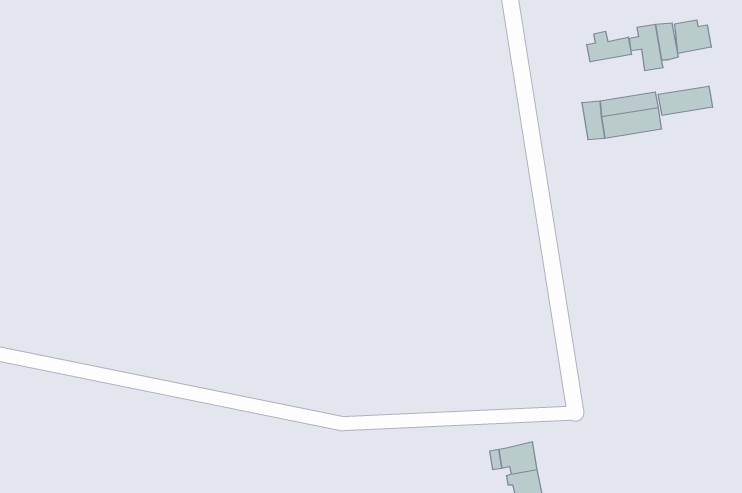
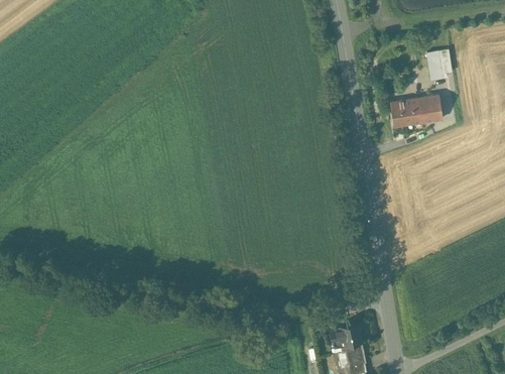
building: [675,20,711,53] -> none
building: [587,31,632,62] -> none
building: [658,86,713,115] -> none

